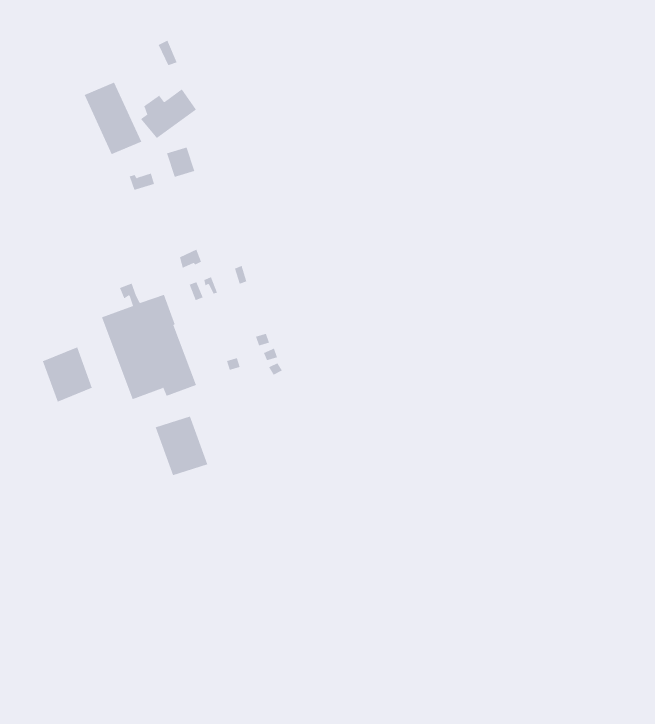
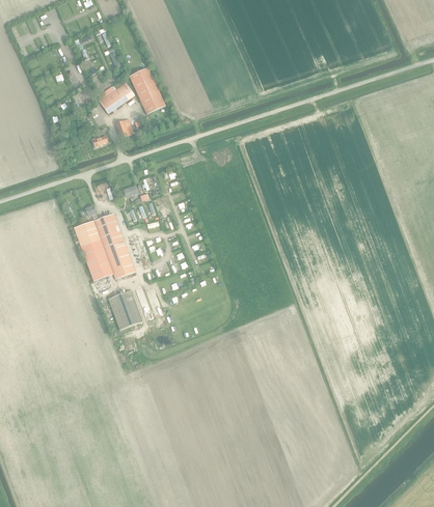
building: [84,82,142,155] -> [129,66,166,113]
building: [42,347,93,403] -> none

